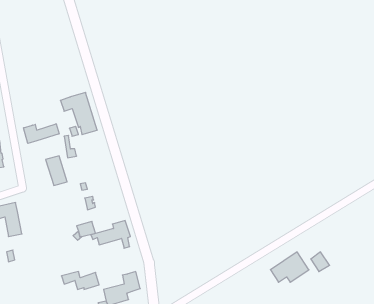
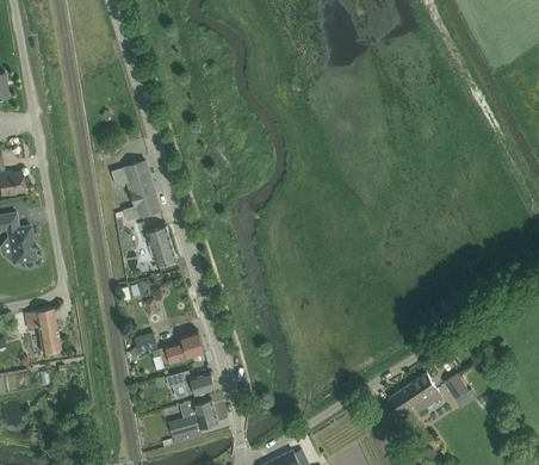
building: [24,124,59,143] -> none
building: [46,156,67,185] -> [147,227,175,266]
building: [61,272,99,289] -> [165,371,215,395]

